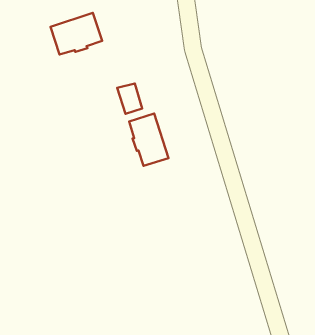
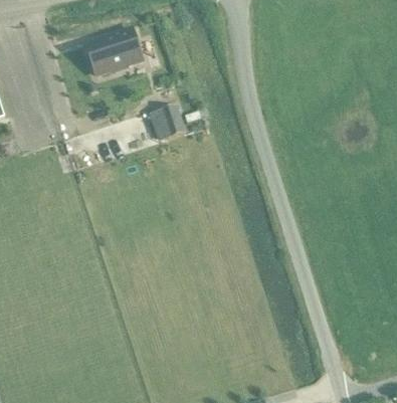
building: [129,114,169,166] -> none

